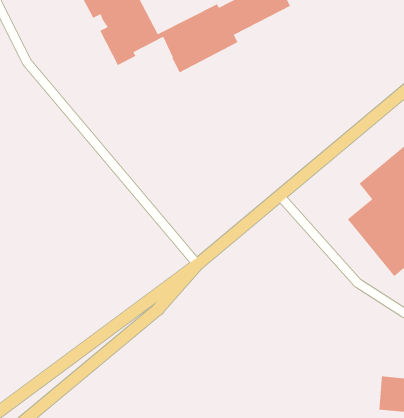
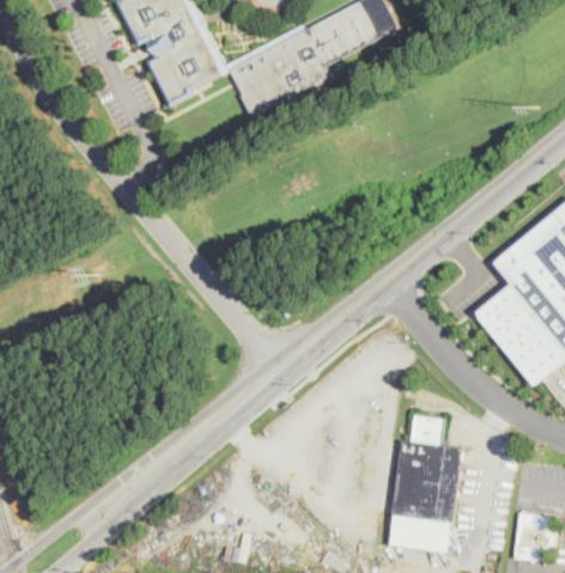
building: none -> [389,416,463,554]

